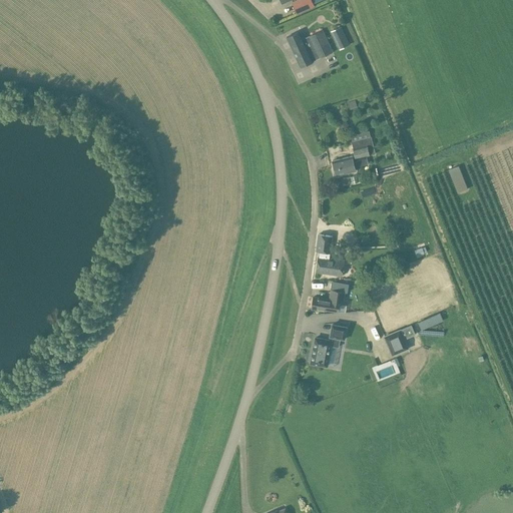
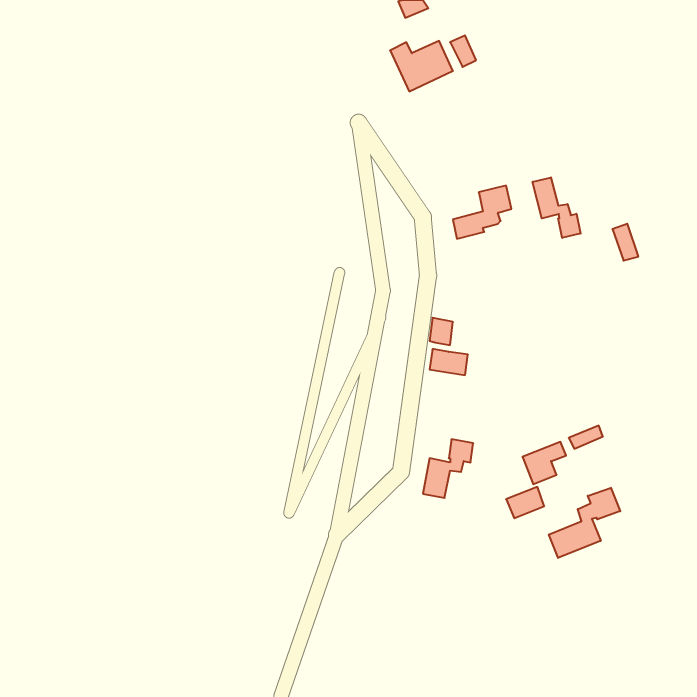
building: none -> [533,177,581,238]
building: [312,282,349,311] -> none
building: none -> [549,488,620,558]

